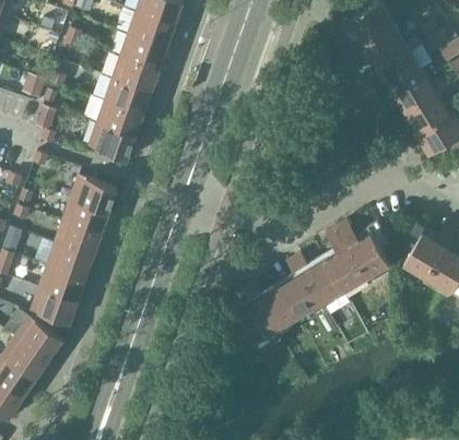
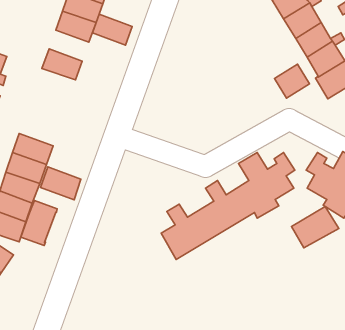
building: [105,78,151,114] -> [93,14,132,45]
building: none -> [275,64,310,98]
building: [89,122,136,159] -> none
building: [70,174,117,212] -> [40,167,81,200]
building: none -> [21,200,57,245]
building: none -> [292,206,339,248]

